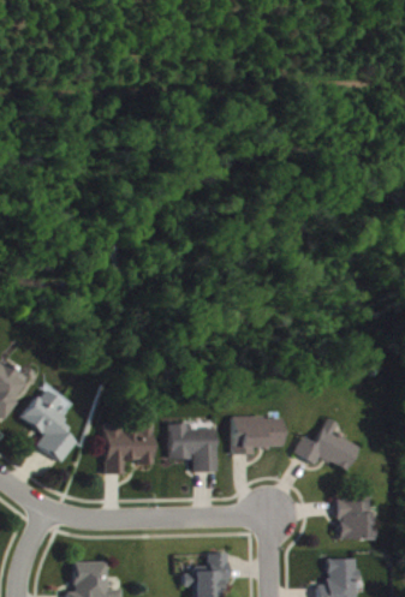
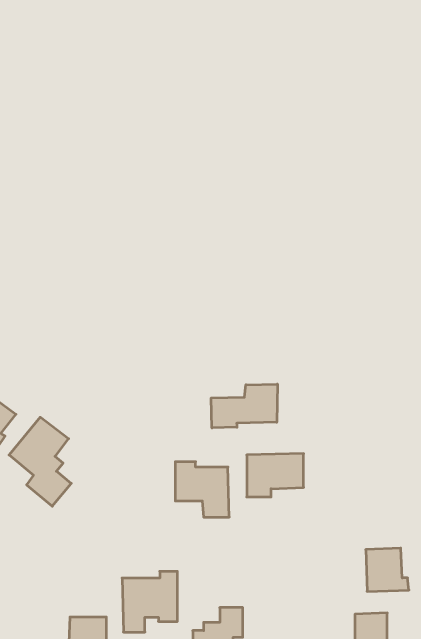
building: none -> [211,384,277,428]
building: [293,417,358,470] -> none
building: [102,419,151,473] -> [122,571,177,632]

